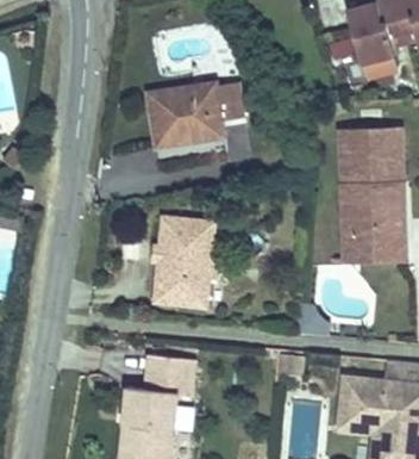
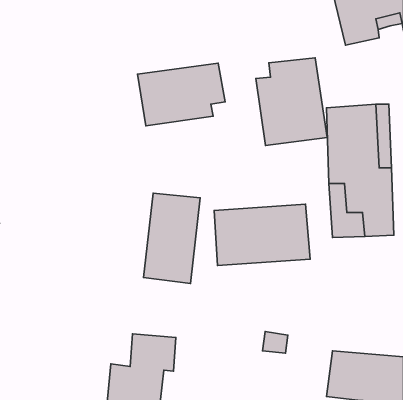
building: none -> [256,58,327,145]
building: none -> [214,204,310,266]

